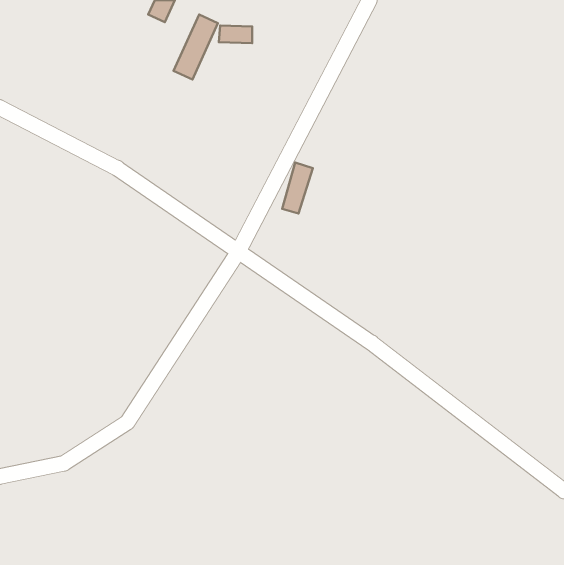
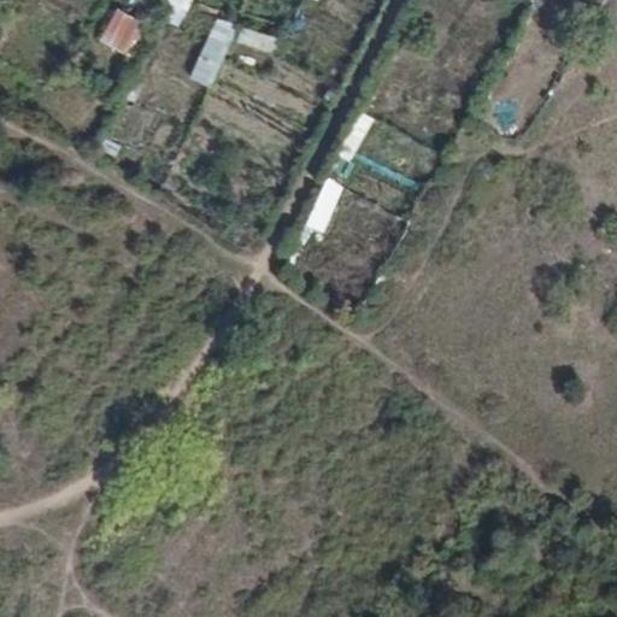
building: none -> [99,6,143,53]

